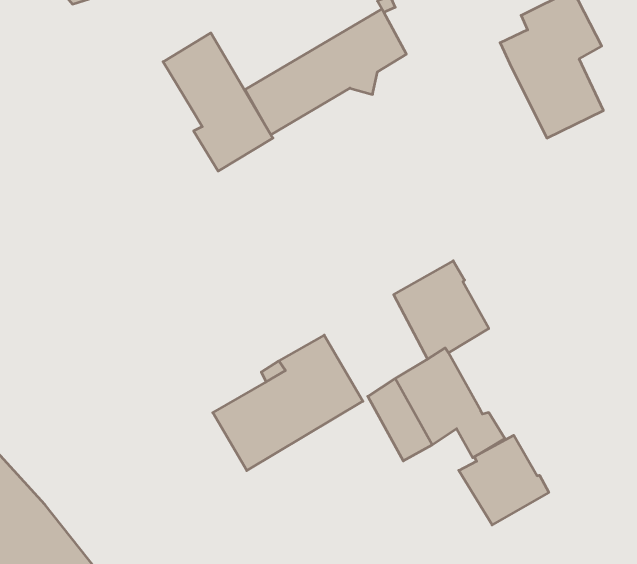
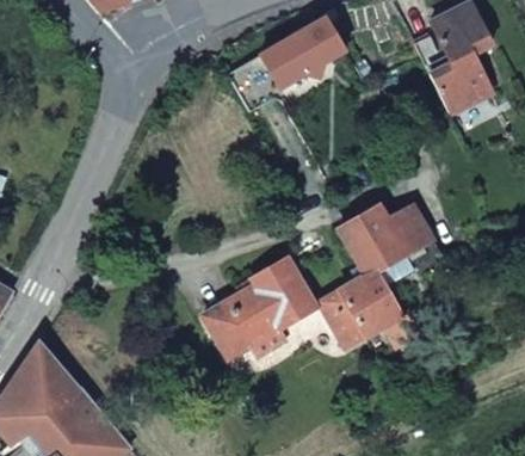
building: [163,33,273,171] -> none
building: none -> [388,203,433,253]
building: [459,435,549,525] -> none

